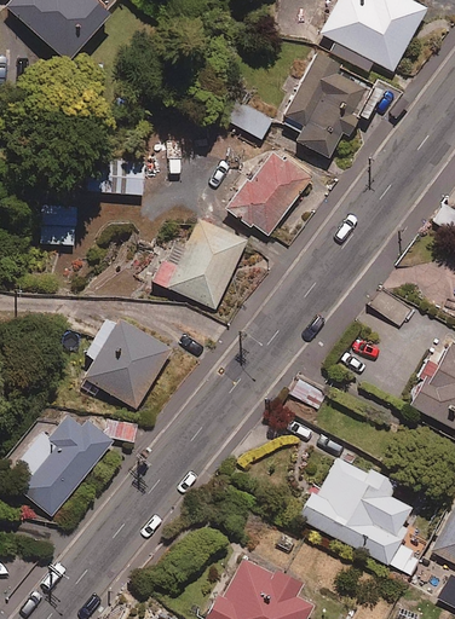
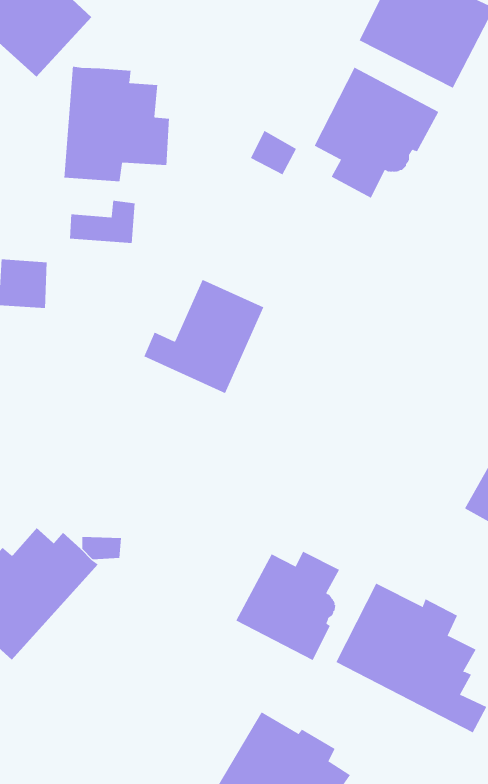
building: none -> [64,66,170,182]
building: [231,149,312,235] -> none
building: [83,319,171,407] -> none
building: none -> [235,551,340,661]

